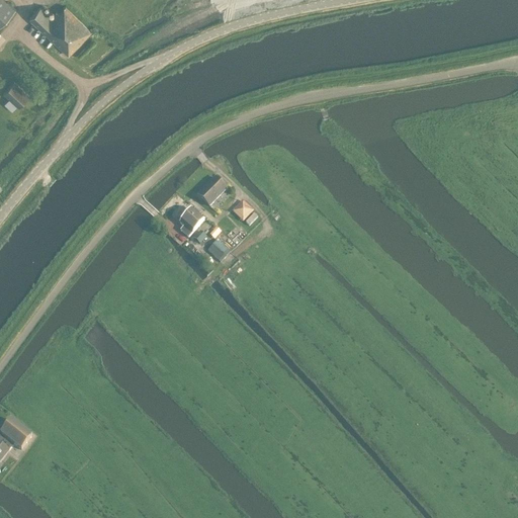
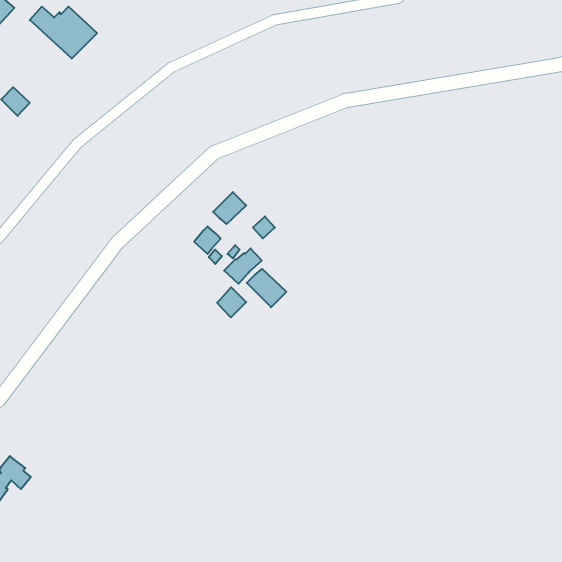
building: none -> [247,269,286,307]
building: none -> [217,287,246,317]

